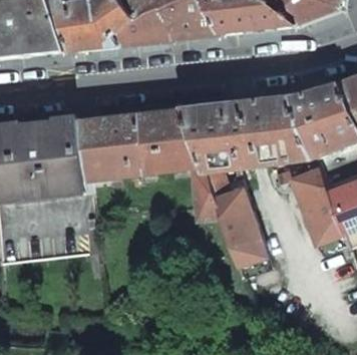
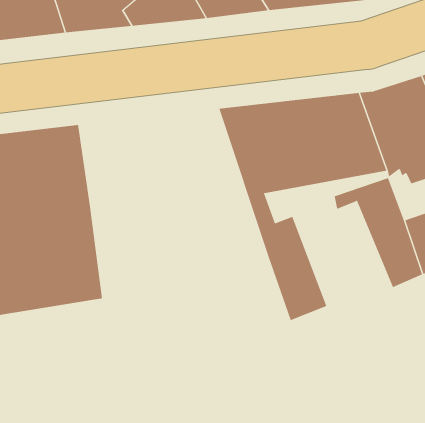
building: [79,106,222,221] -> none

